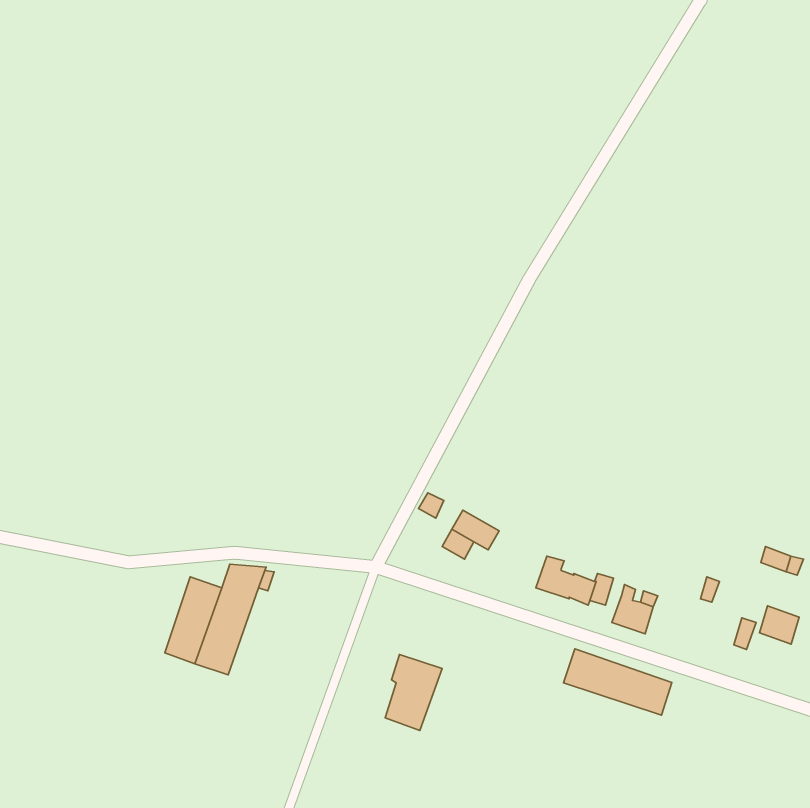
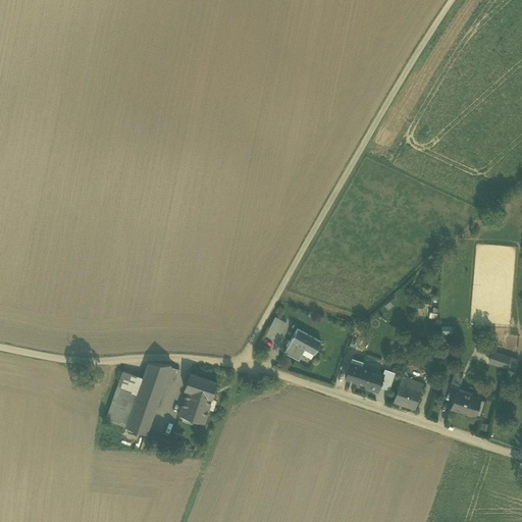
building: [760,606,799,644] -> [452,392,477,416]
building: [563,649,672,715] -> none
building: [385,654,442,730] -> [180,374,217,423]

